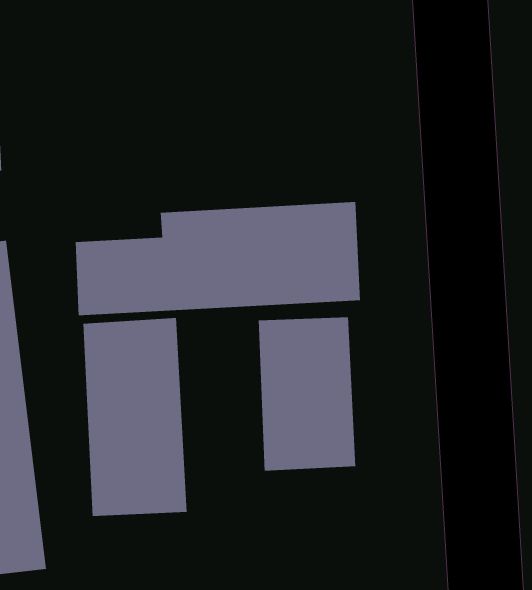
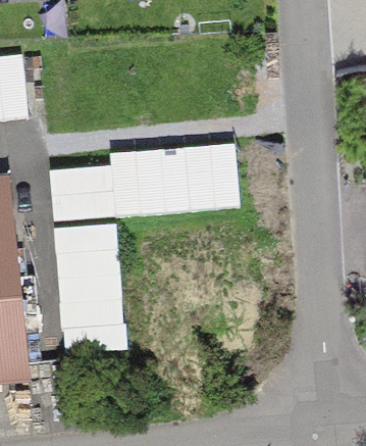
building: [258,317,356,471] -> none

